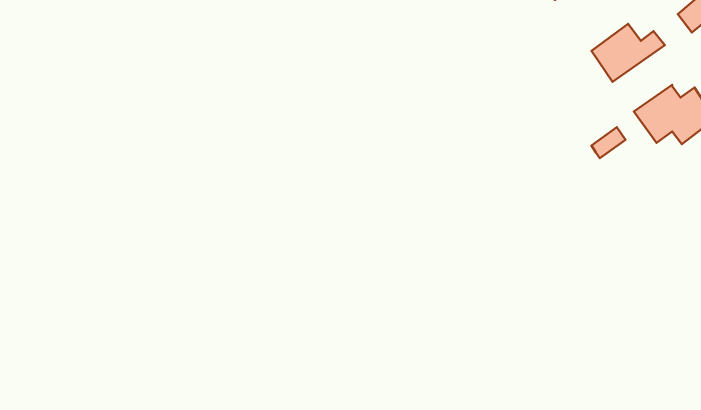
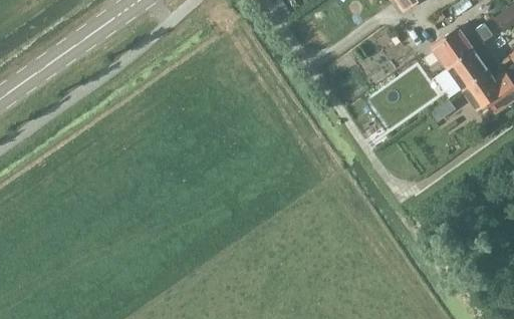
building: none -> [447,41,499,88]

